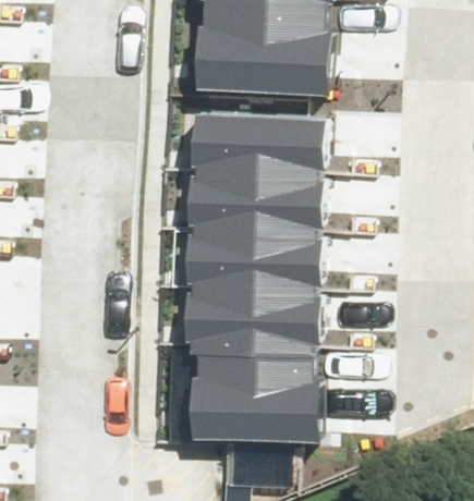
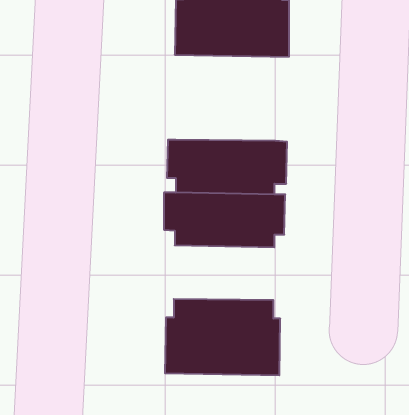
building: [194,119,327,179] -> none
building: [187,295,324,356] -> none

